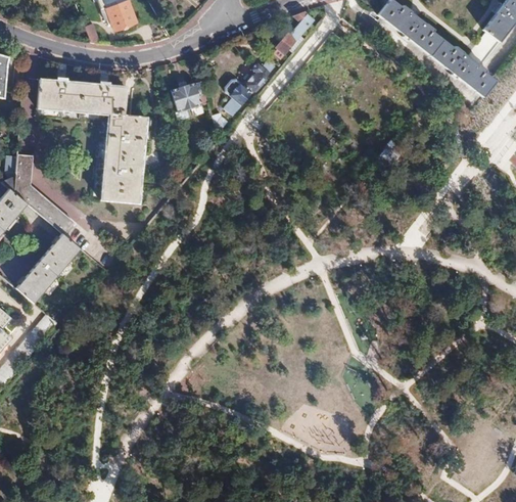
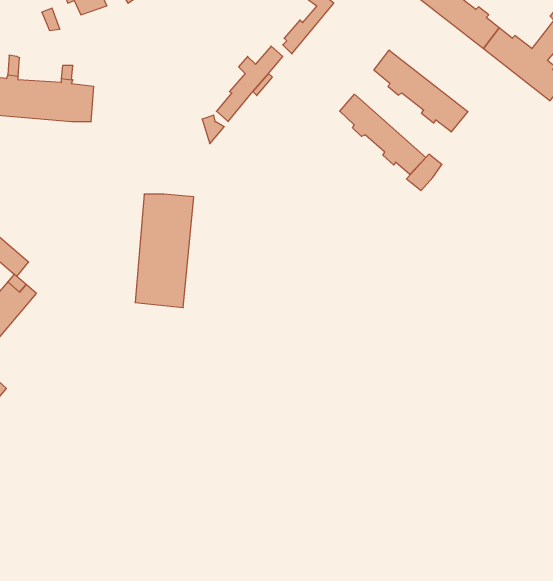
building: none -> [374,50,468,132]
building: [171,81,208,122] -> none
building: none -> [340,94,426,175]
building: [101,113,147,202] -> [135,194,194,308]

